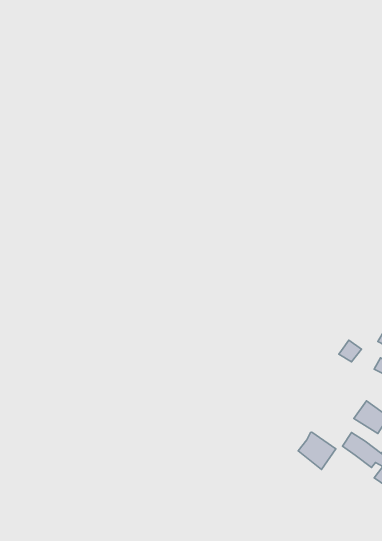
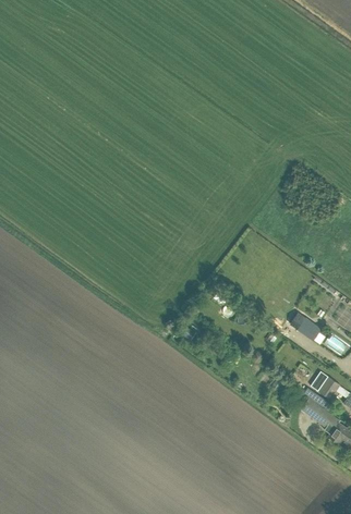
building: [298,432,336,469] -> none

